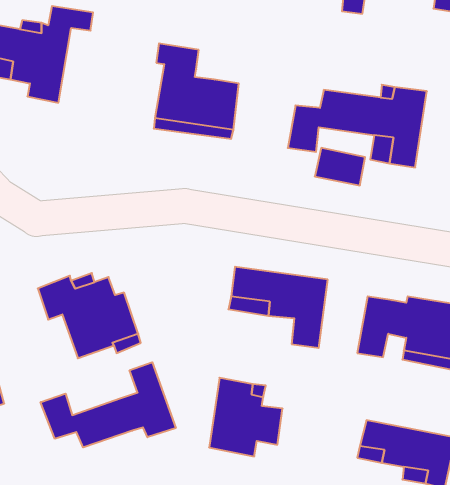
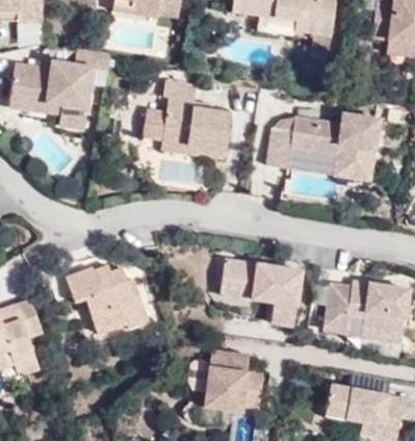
building: [41,362,176,447] -> none

